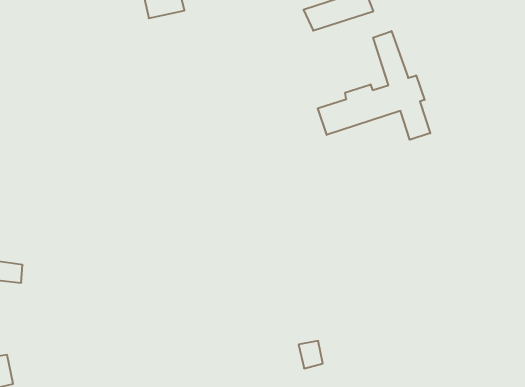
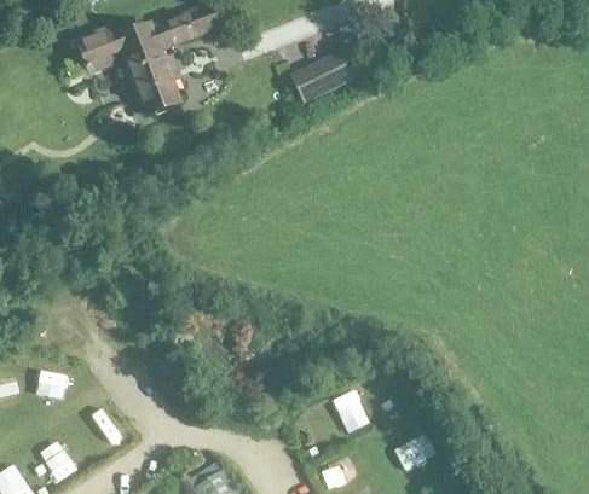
building: [318,31,430,140] -> none

